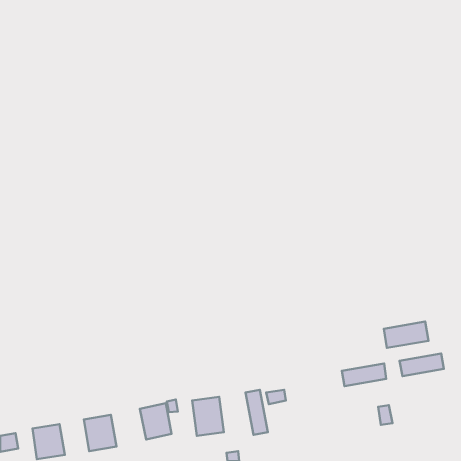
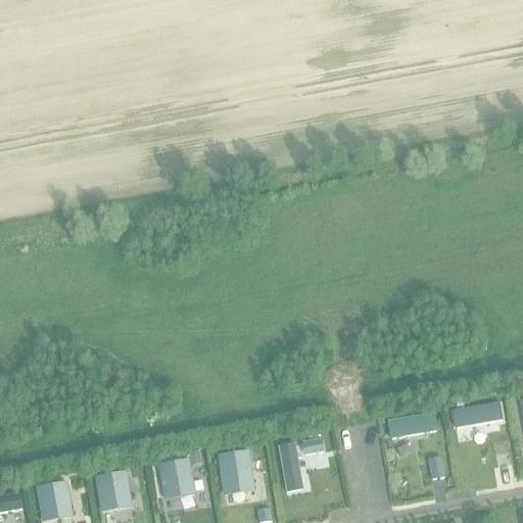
building: [384,322,429,348] -> none

